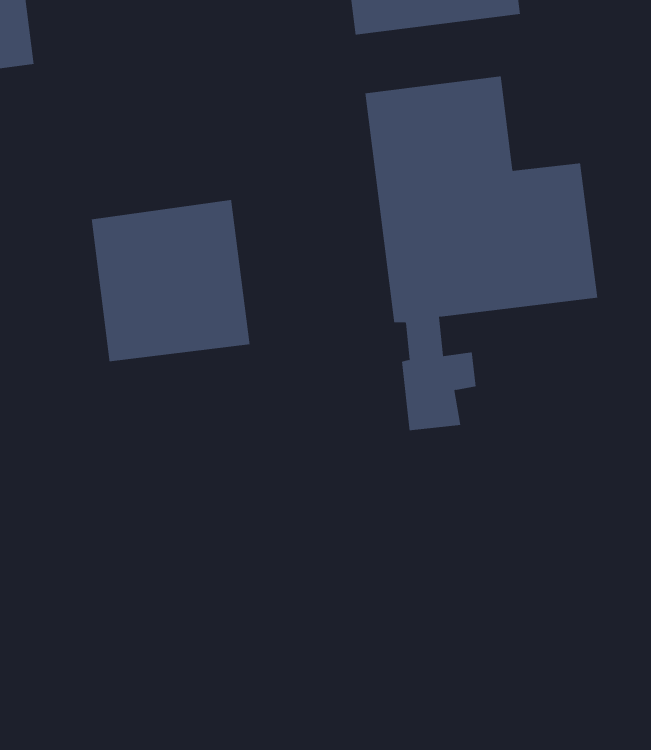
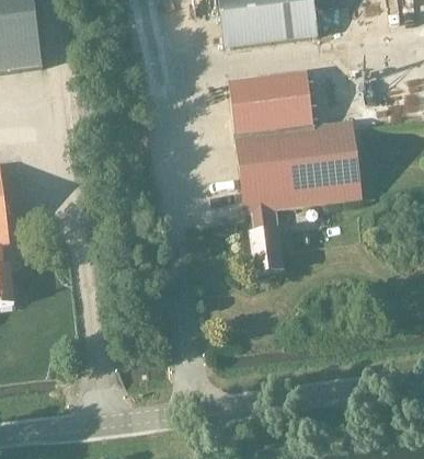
building: [91,199,250,362] -> none

